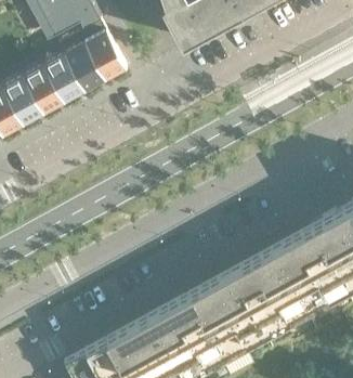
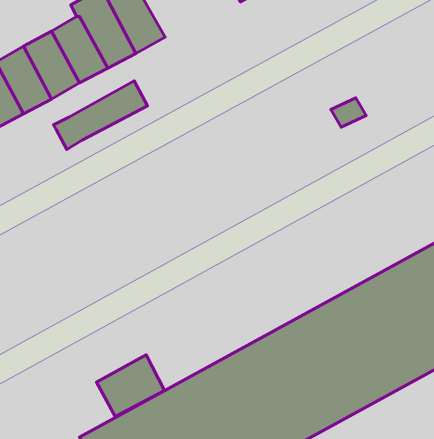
building: none -> [53,81,148,149]
building: none -> [96,355,164,417]

